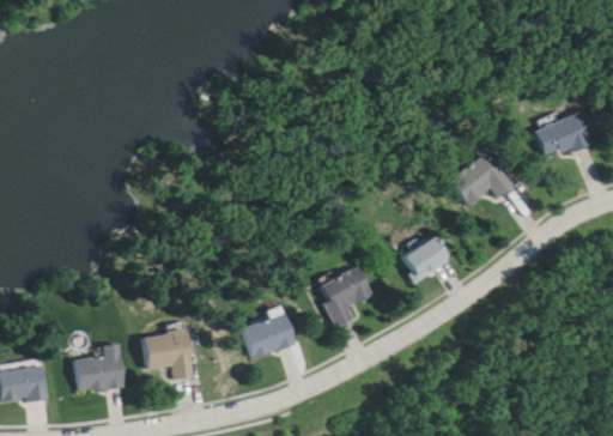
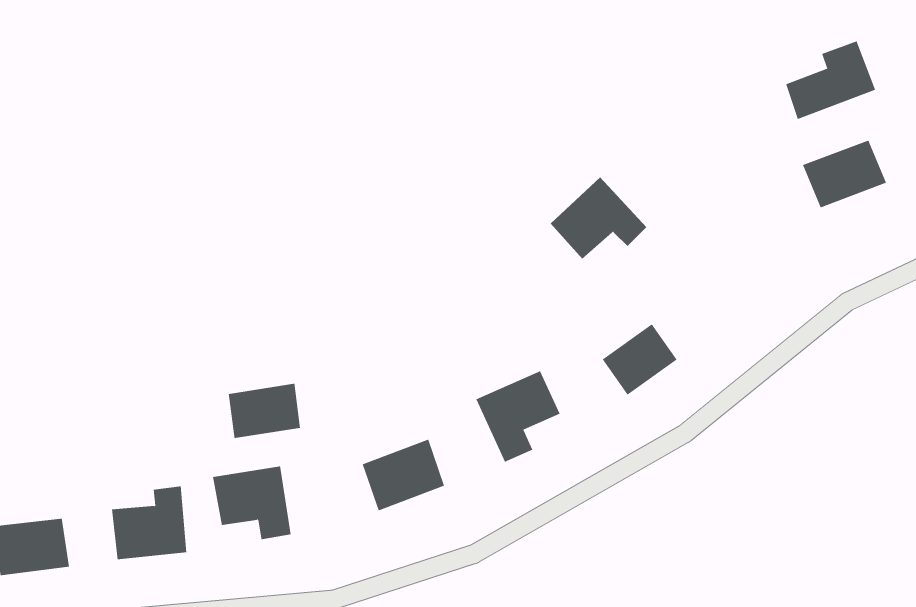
building: none -> [785,41,876,120]
building: [448,153,512,208] -> [550,177,647,259]
building: none -> [228,383,301,439]

